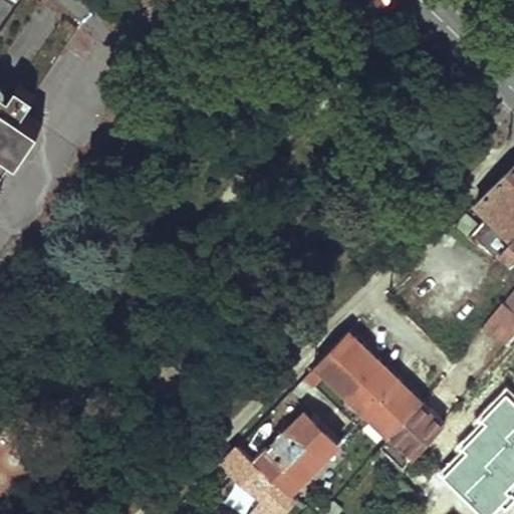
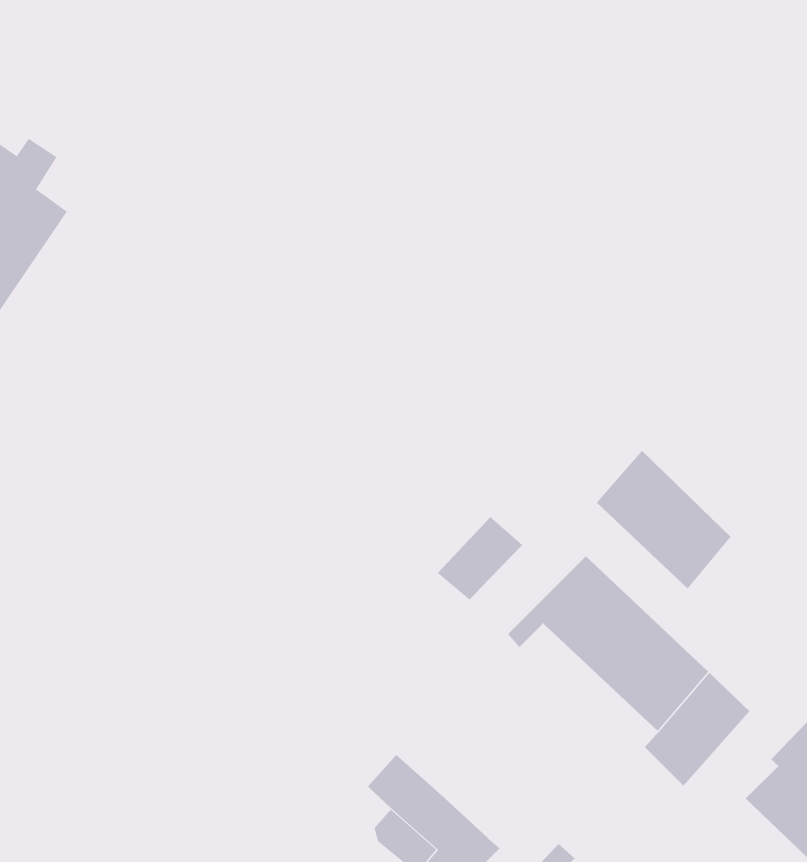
building: none -> [596,450,732,589]
building: none -> [437,516,523,601]
building: [261,421,338,498] -> none

